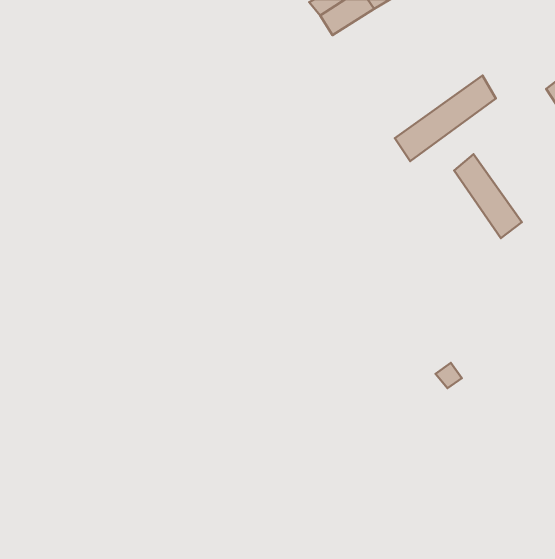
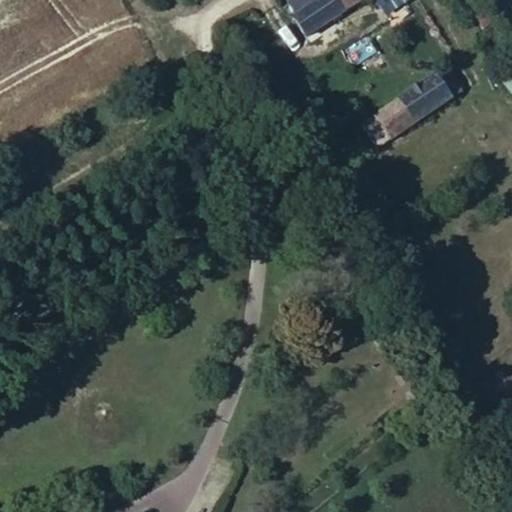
building: [454,154,522,238] -> none

